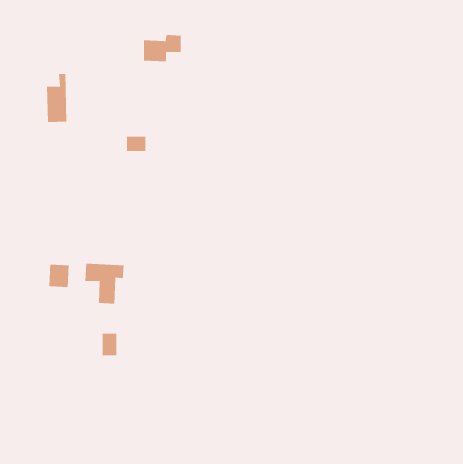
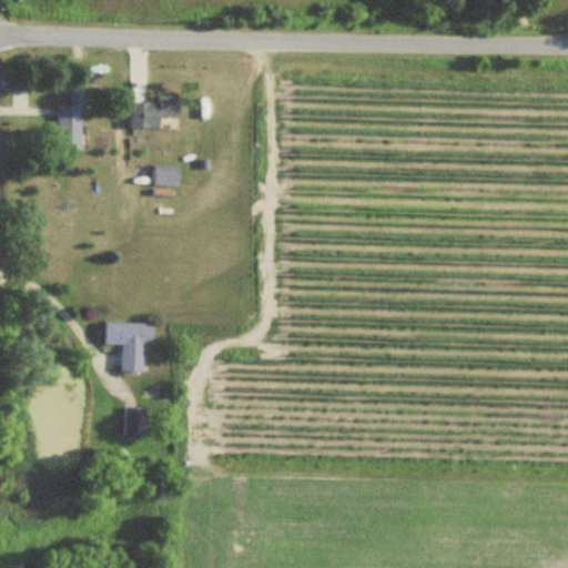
building: [143,34,181,62] -> [132,95,179,129]
building: [49,264,69,288] -> none

